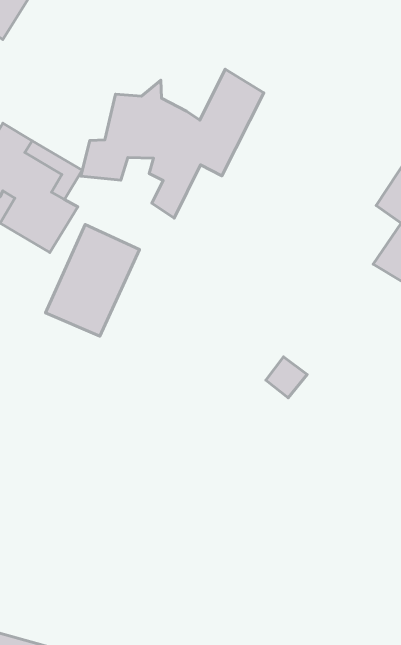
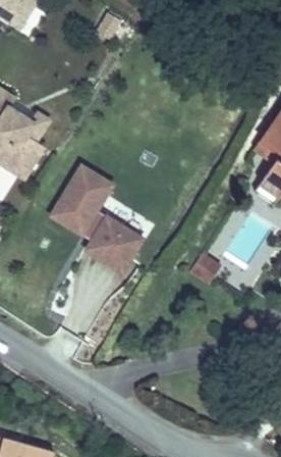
building: [81,69,264,218] -> none
building: none -> [63,211,129,275]

